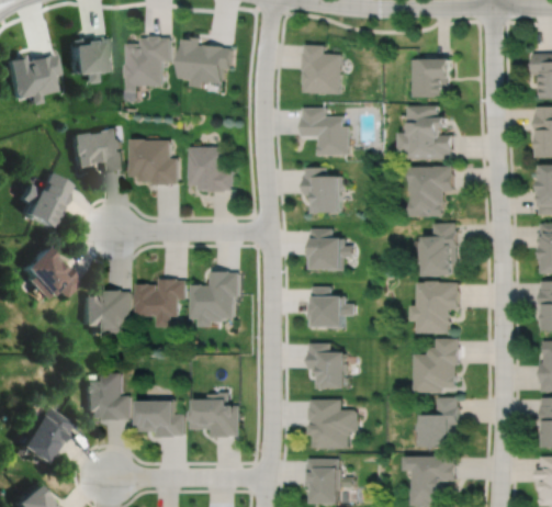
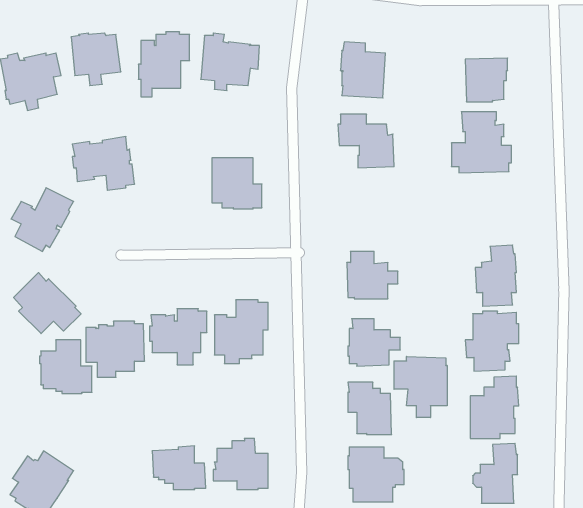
building: [129,138,177,185] -> none
building: [413,166,454,217] -> none
building: [304,167,342,213] -> none
building: none -> [394,356,447,418]
building: [82,373,128,420] -> [40,340,92,393]

